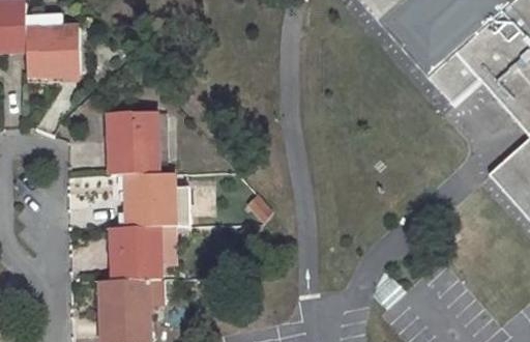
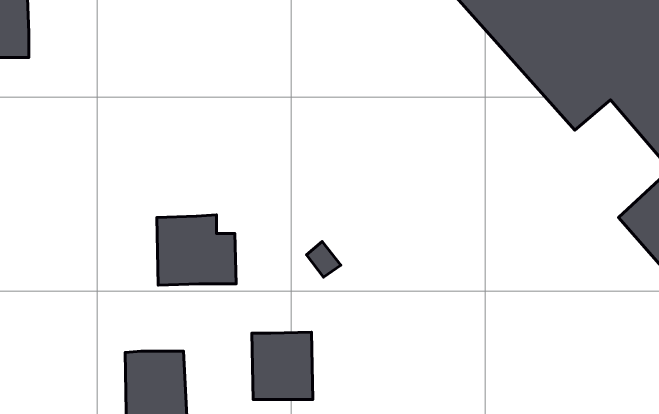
building: [27,27,82,75] -> none
building: [112,111,158,174] -> none
building: [114,226,161,279] -> [252,332,313,399]

